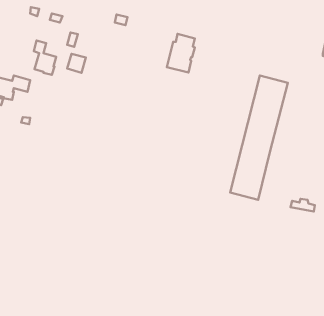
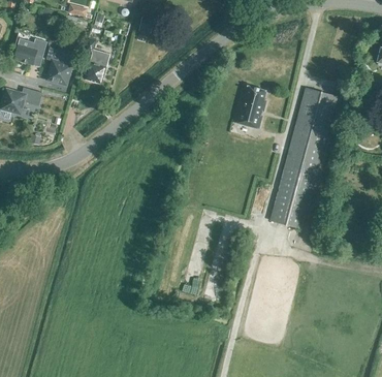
building: none -> [12,38,46,65]
building: [167,34,195,73] -> [233,85,265,129]

